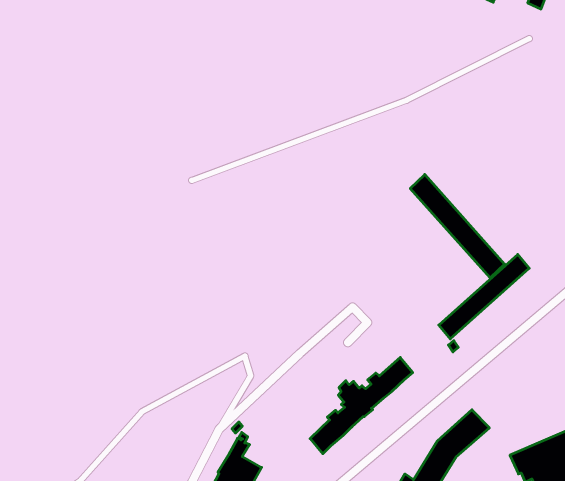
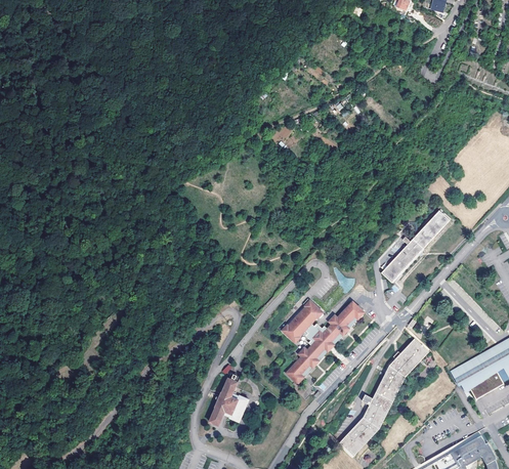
building: [410,174,505,278] -> none
building: none -> [283,299,324,342]

